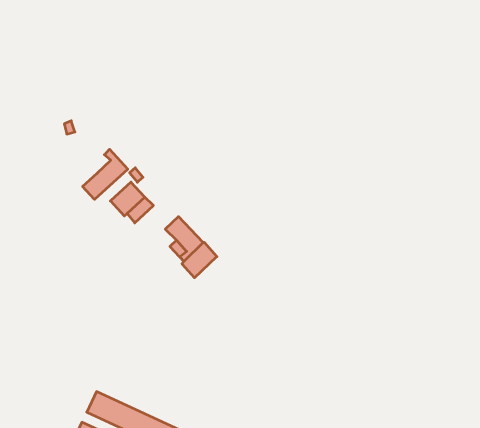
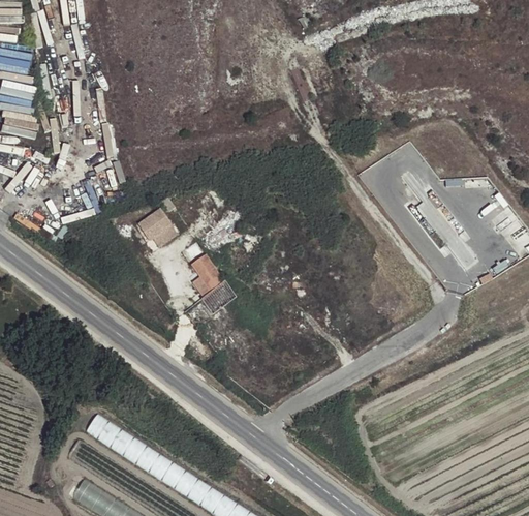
building: [83,149,128,199] -> none

